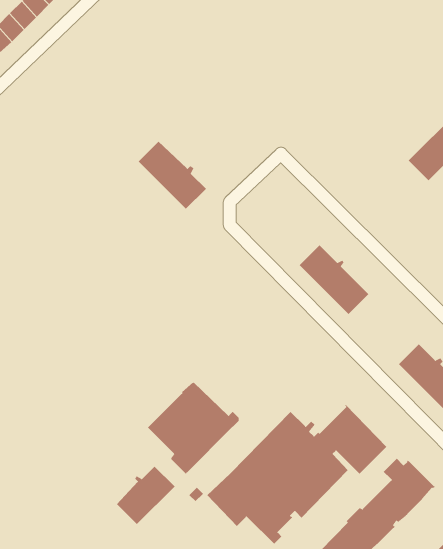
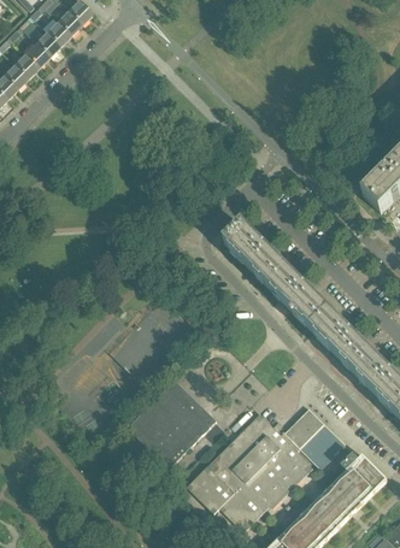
building: [138,141,207,210] -> [224,225,284,285]
building: none -> [310,311,371,372]
building: [116,466,175,525] -> none

